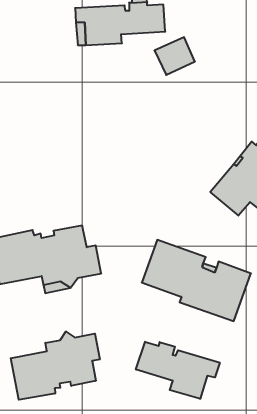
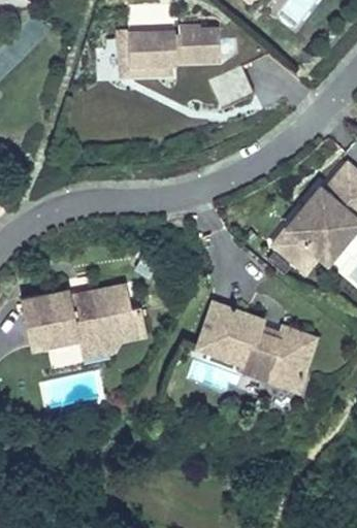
building: [11,331,100,400] -> none
building: [136,342,220,399] -> none

